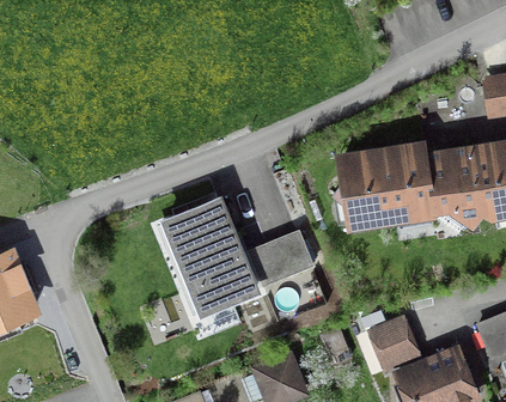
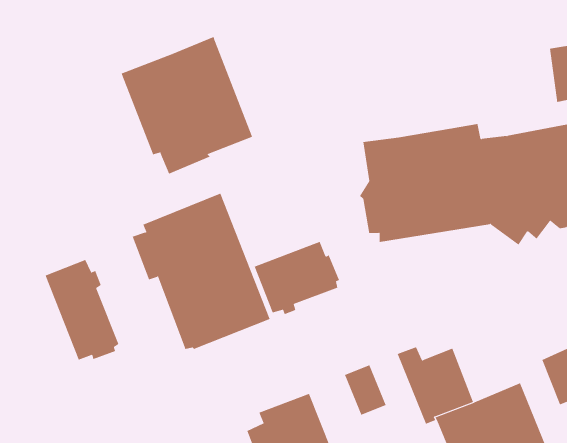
building: none -> [121,36,253,174]
building: none -> [45,259,119,361]

